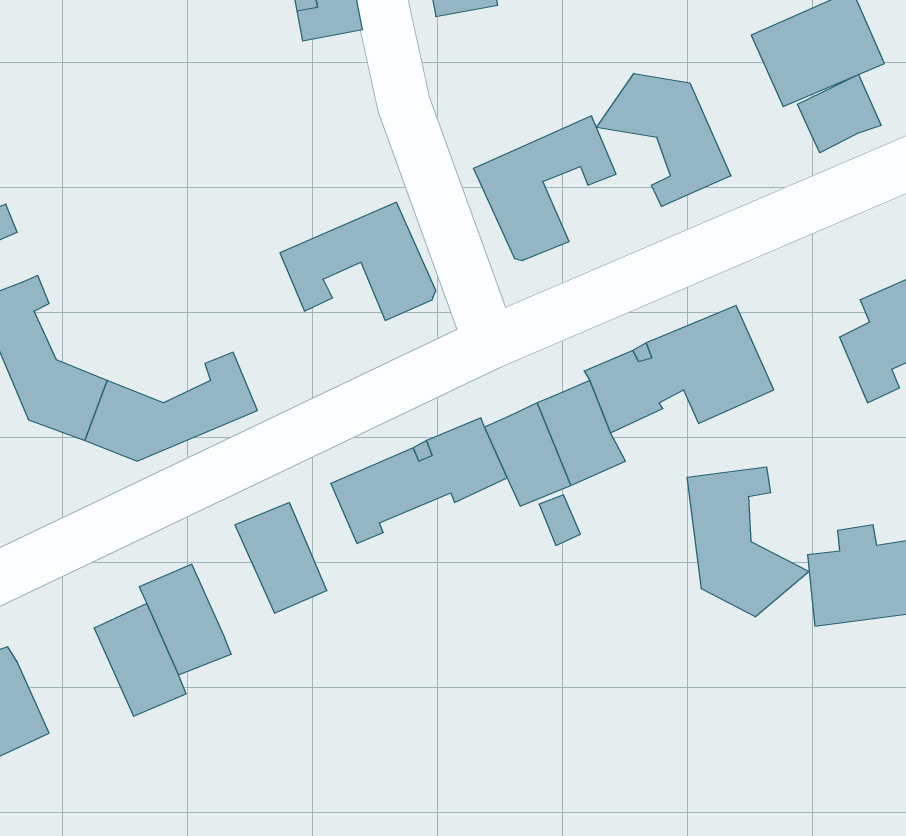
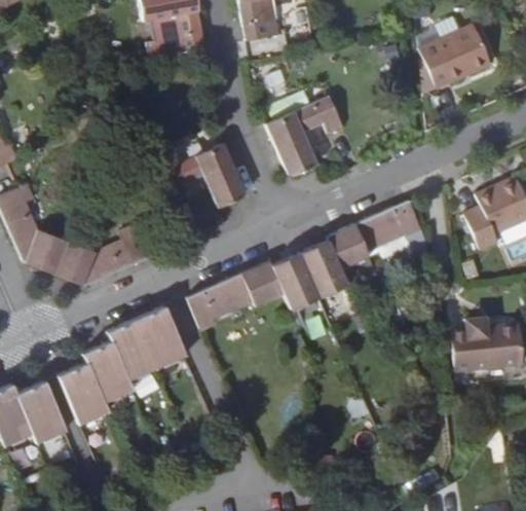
building: [596,73,731,207] -> none
building: [798,74,881,153] -> none
building: [687,467,809,617] -> none
building: none -> [108,319,157,379]
building: none -> [16,381,67,443]

